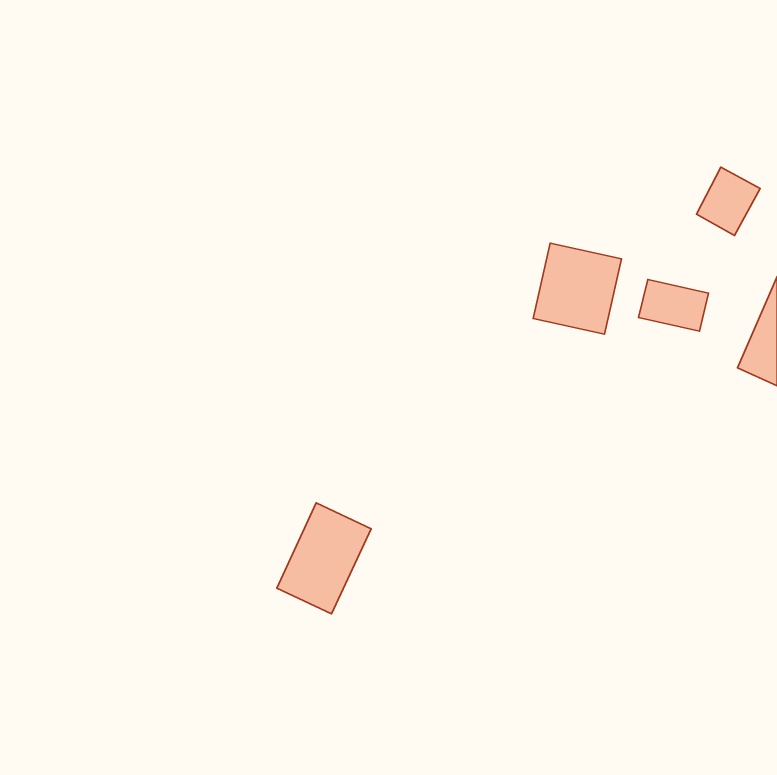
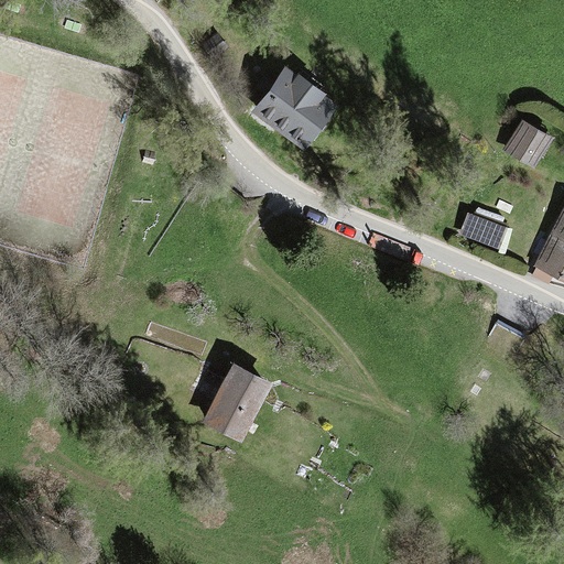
building: none -> [251,64,341,151]
building: [533,243,621,334] -> none

